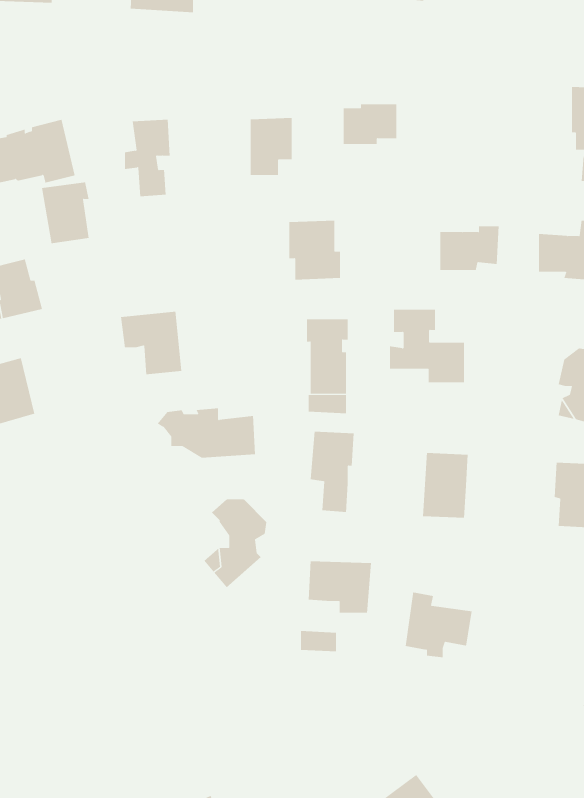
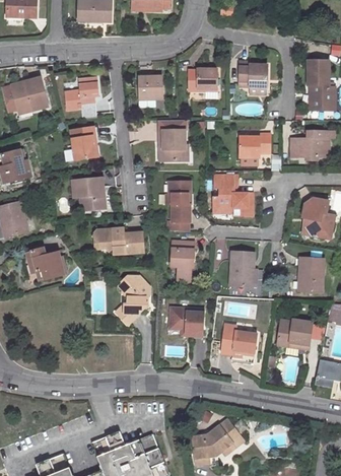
building: none -> [240,62,268,87]
building: [41,182,90,244] -> [71,127,96,159]
building: none -> [27,248,66,279]
building: none -> [277,320,311,347]

